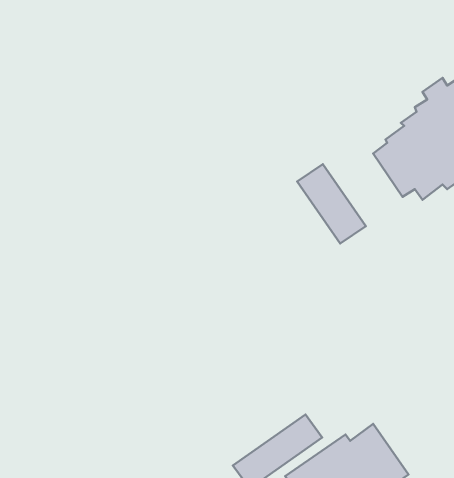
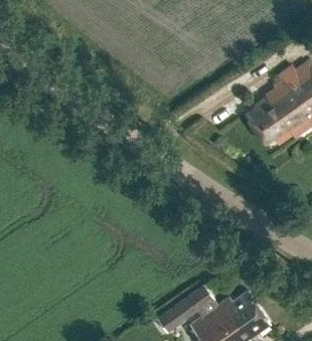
building: [297,164,366,243] -> none

